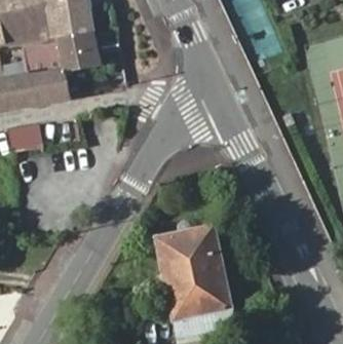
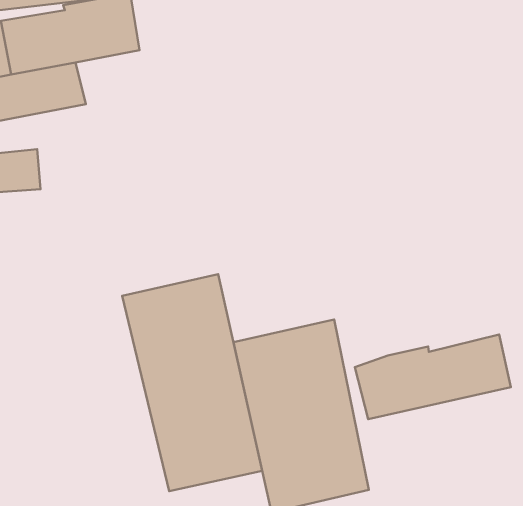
building: none -> [122,274,262,491]
building: none -> [355,334,511,419]

